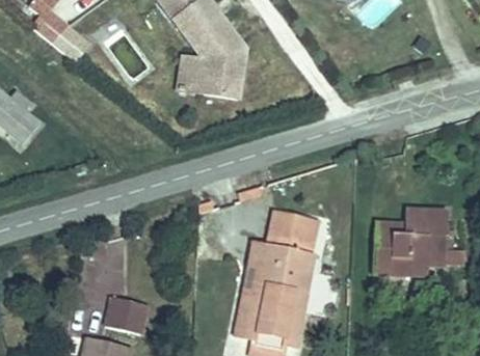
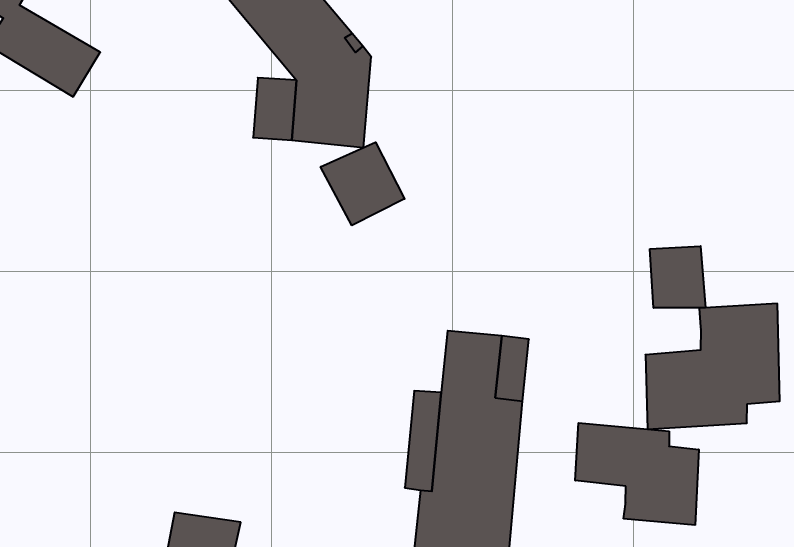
building: none -> [321,142,405,225]
building: none -> [650,246,705,308]
building: none -> [575,423,699,525]

